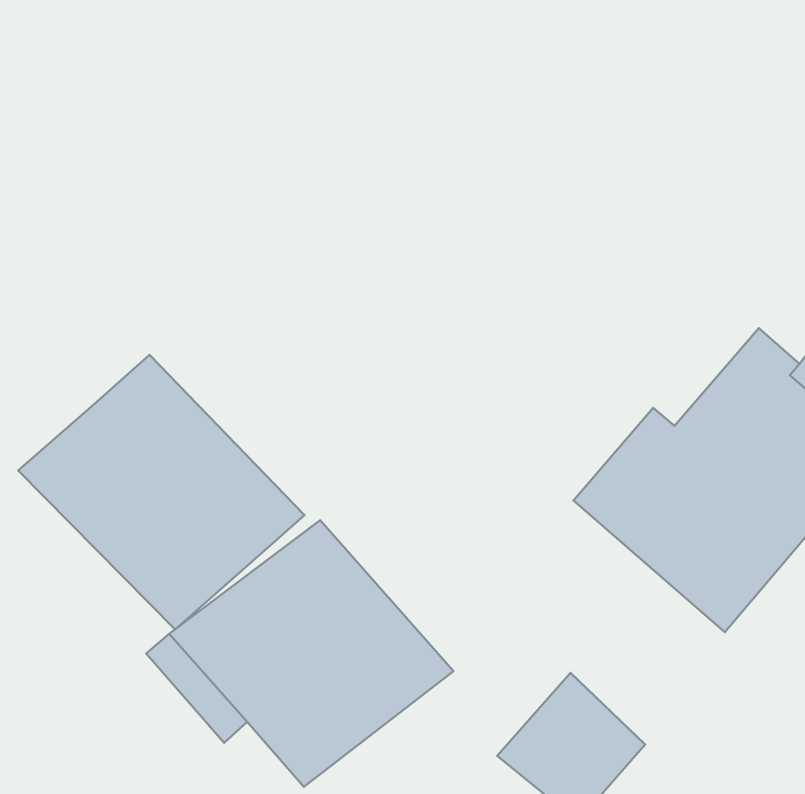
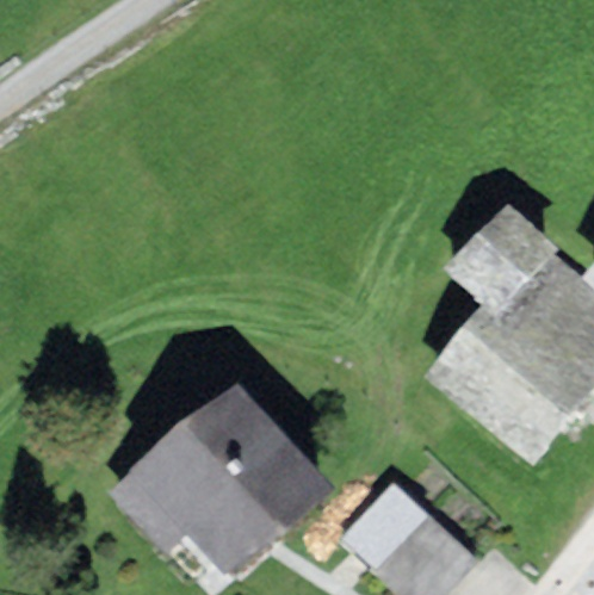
building: none -> [443,200,558,317]
building: [18,355,305,629] -> none

